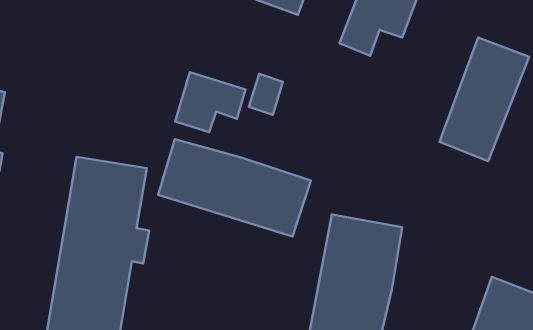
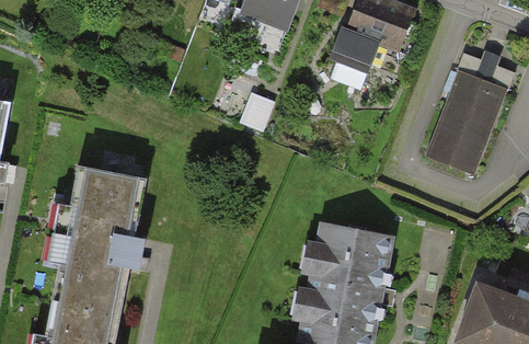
building: [175,72,245,132] -> none
building: [158,139,311,237] -> none

